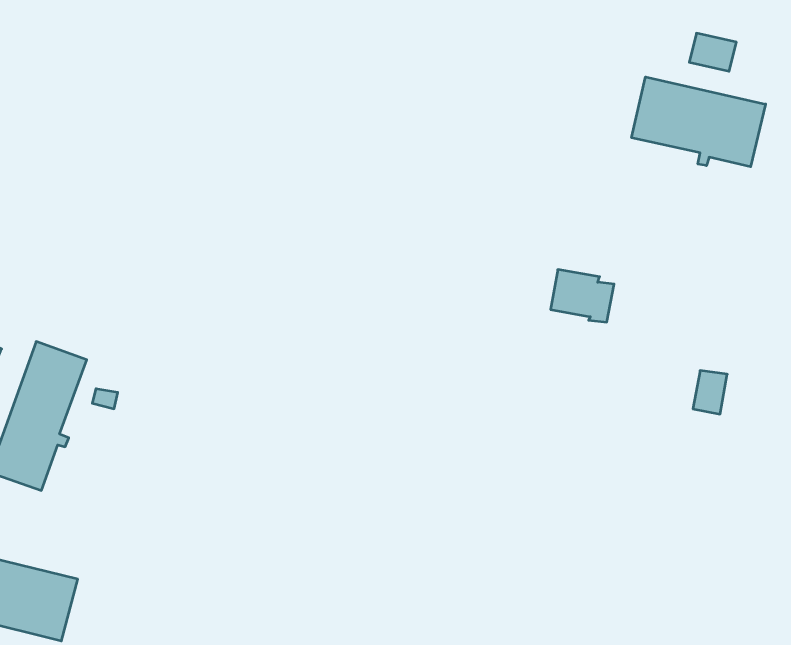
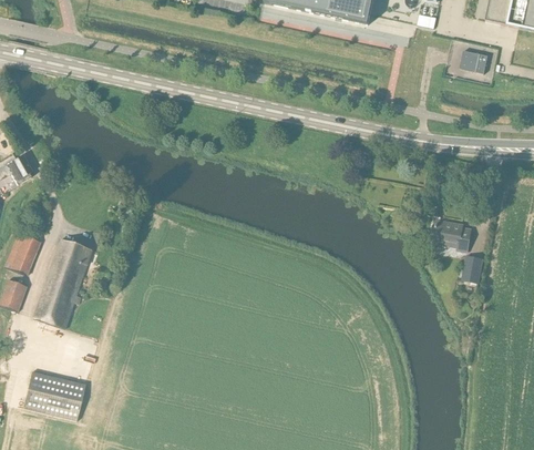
building: [632,77,766,167] -> none
building: [551,270,614,322] -> [433,218,472,250]

